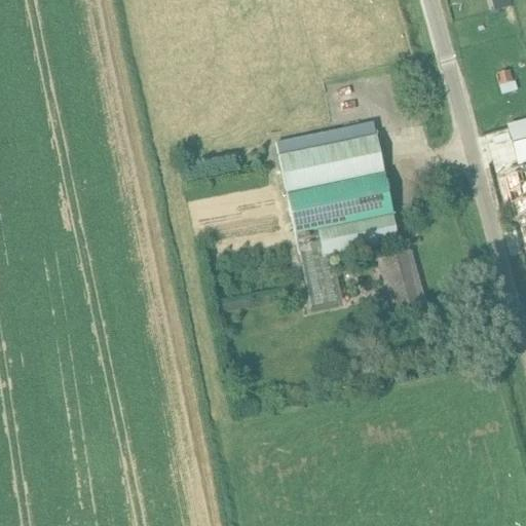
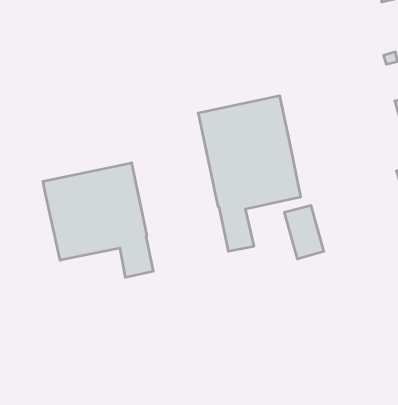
building: none -> [43,163,153,277]

